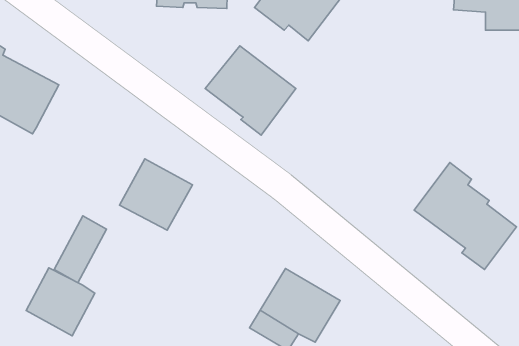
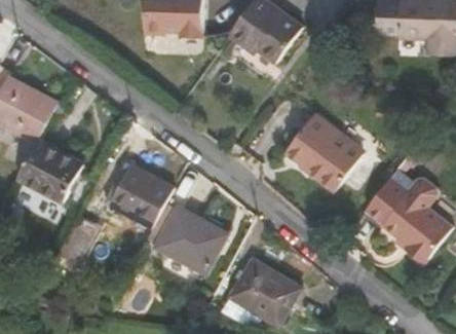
building: [205,46,296,135] -> [286,114,364,191]
building: none -> [16,139,82,202]
building: none -> [156,208,225,272]
building: [26,268,95,336] -> none

